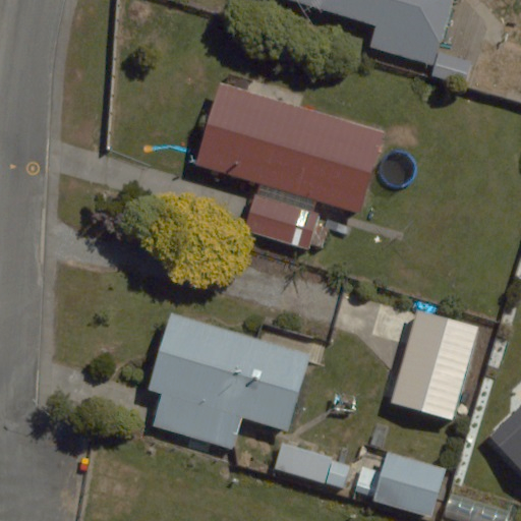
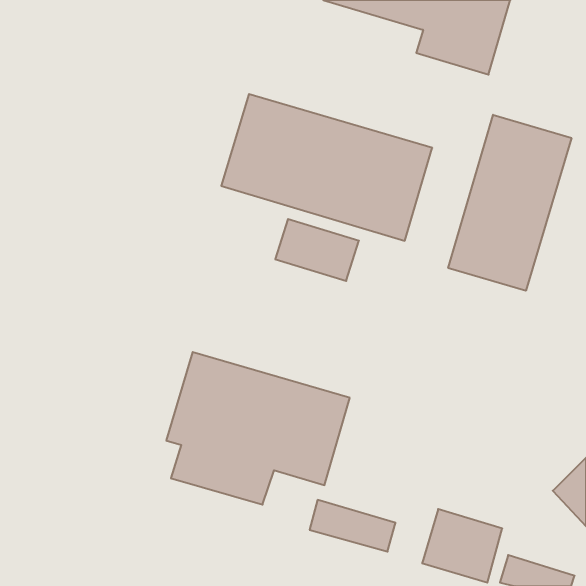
building: none -> [448,115,571,291]
building: [391,310,477,420] -> none

